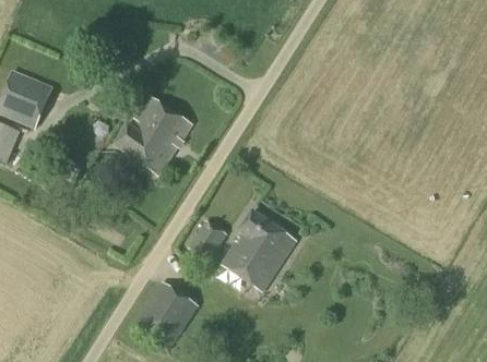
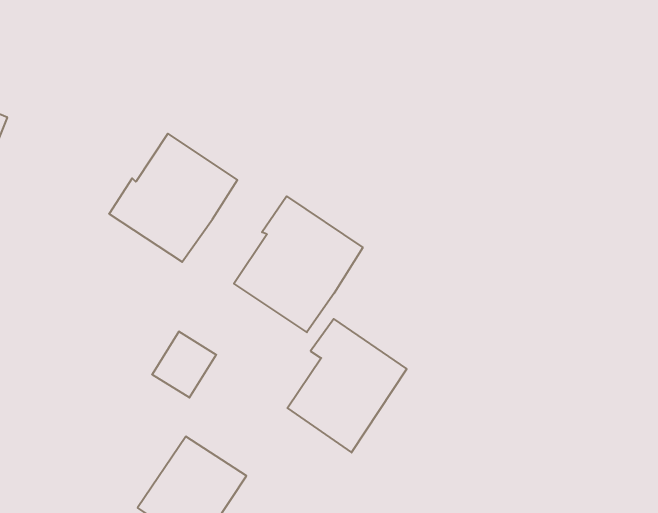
building: none -> [234,196,363,332]
building: [188,220,227,261] -> [152,332,216,398]

